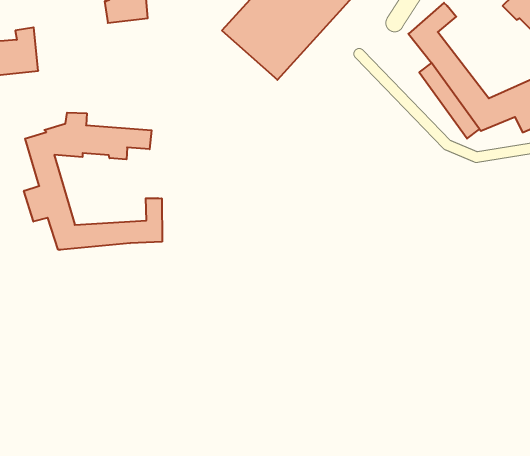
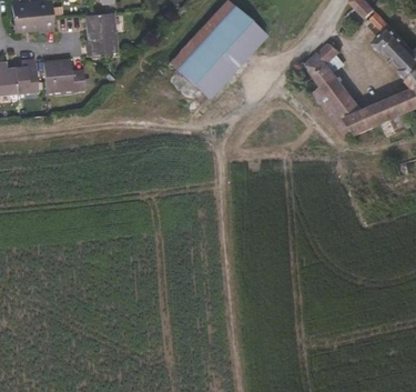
building: none -> [44,59,87,91]
building: [24,113,162,250] -> none

